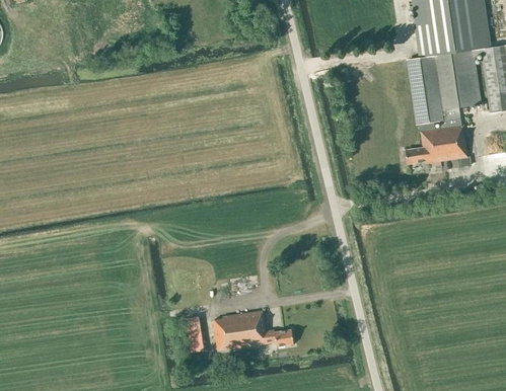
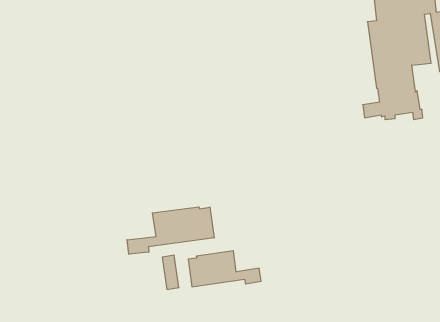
building: none -> [127,207,214,254]

